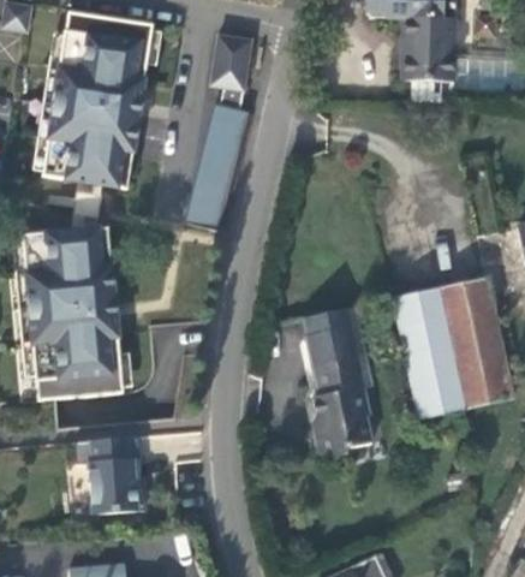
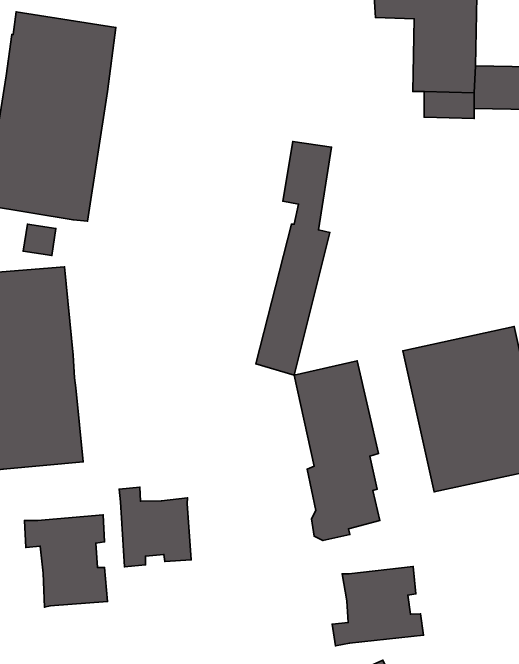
building: [186,34,250,231] -> [256,141,331,375]
building: none -> [119,487,191,567]
building: none -> [332,566,424,646]

